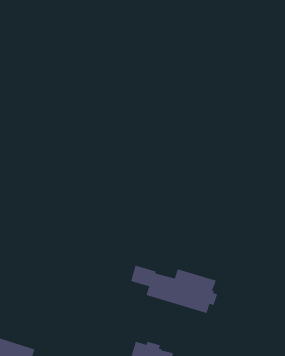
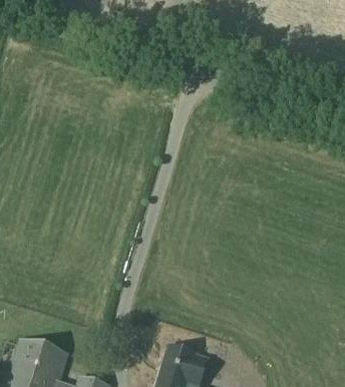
building: [130,265,218,314] -> none

